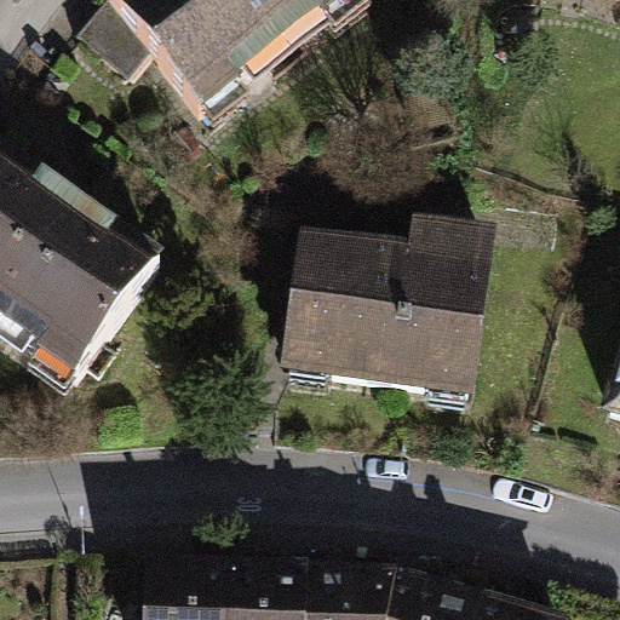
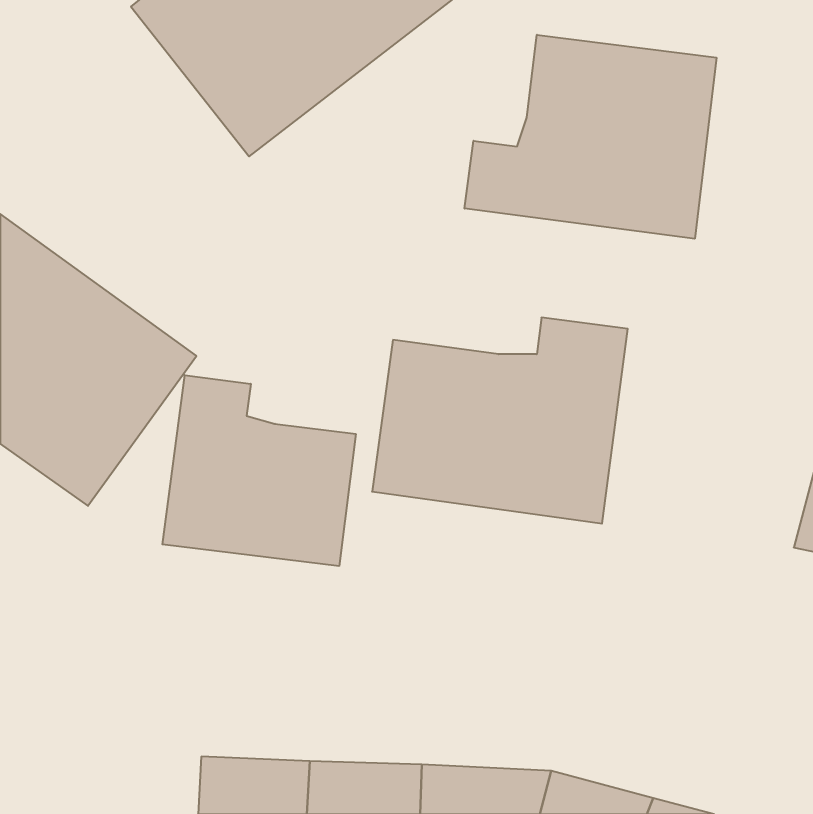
building: none -> [465,35,716,239]
building: none -> [162,375,356,566]

